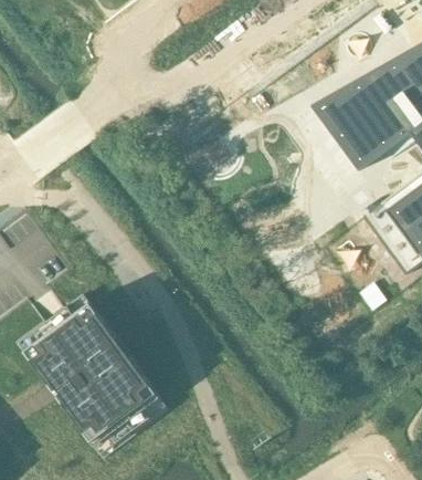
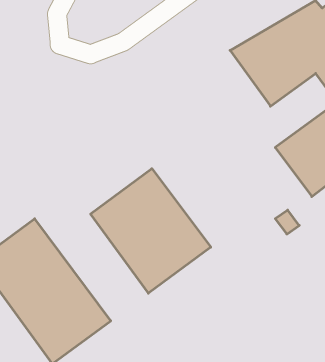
building: none -> [91,169,211,293]

